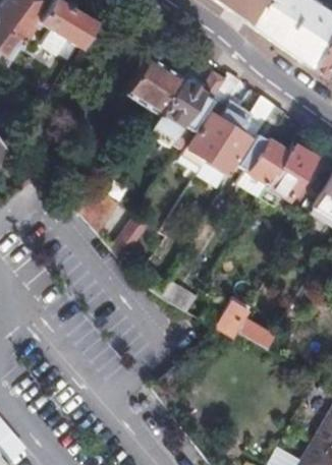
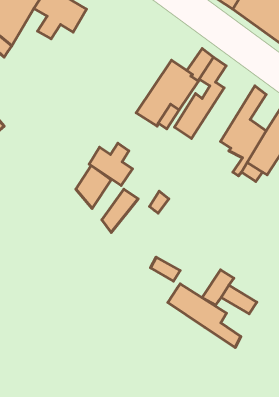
building: [125,56,178,112] -> none
building: [206,95,273,175] -> none
building: none -> [89,143,133,185]
building: none -> [168,284,241,347]

